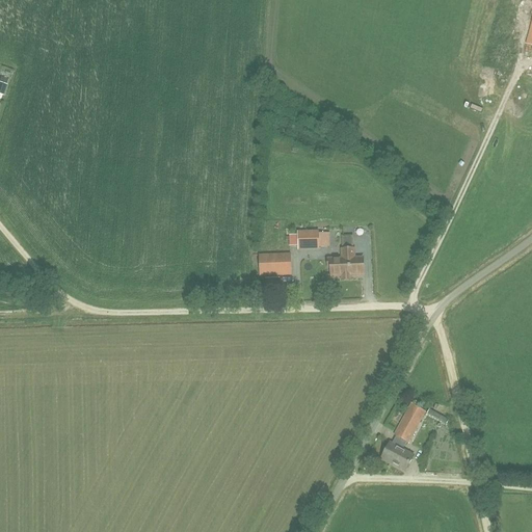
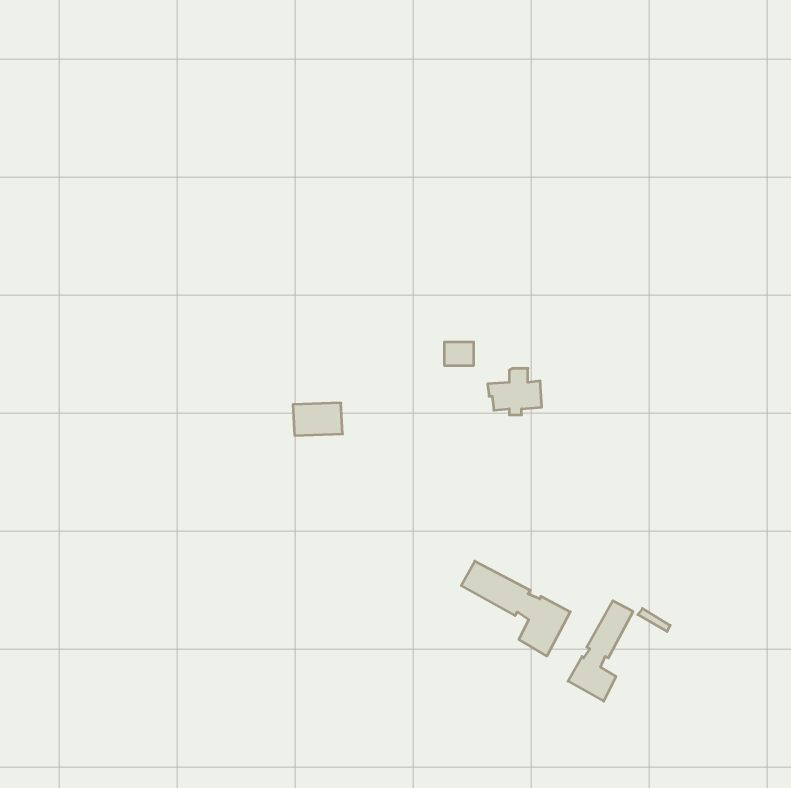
building: [259,252,292,274] -> [293,403,343,435]
building: none -> [461,561,570,656]

